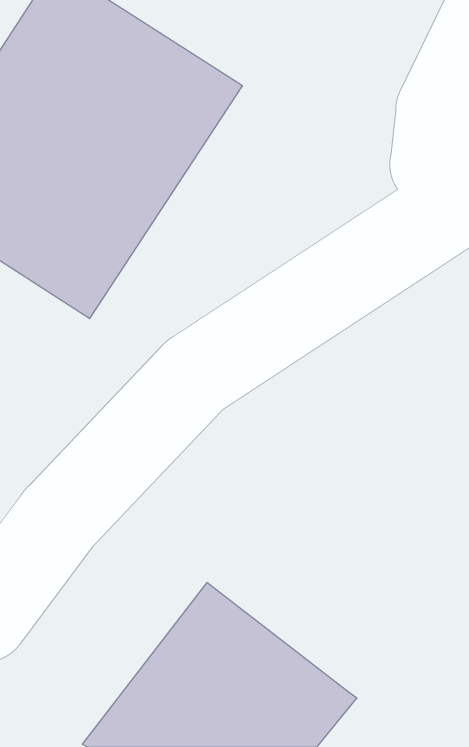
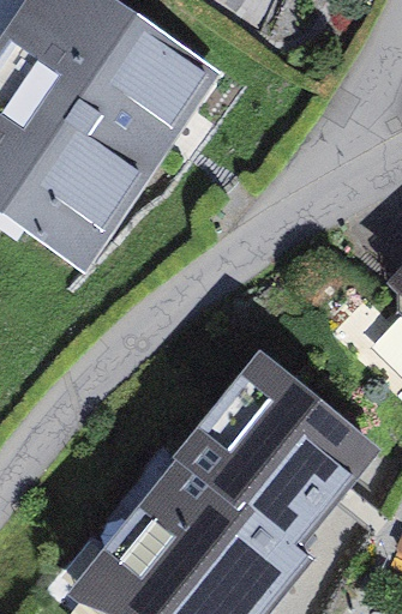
building: none -> [179,371,370,559]

